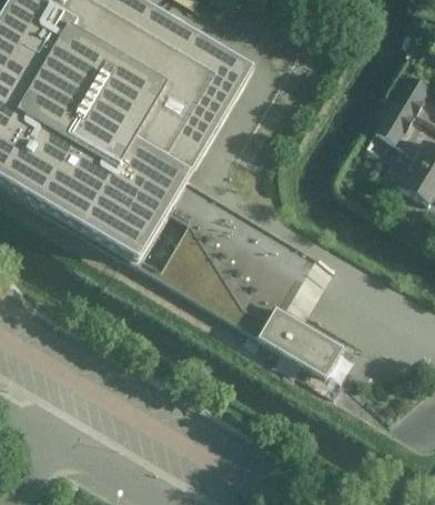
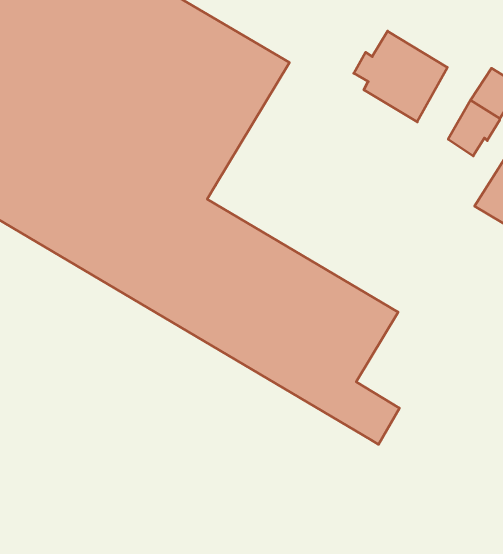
building: none -> [354,31,447,122]

